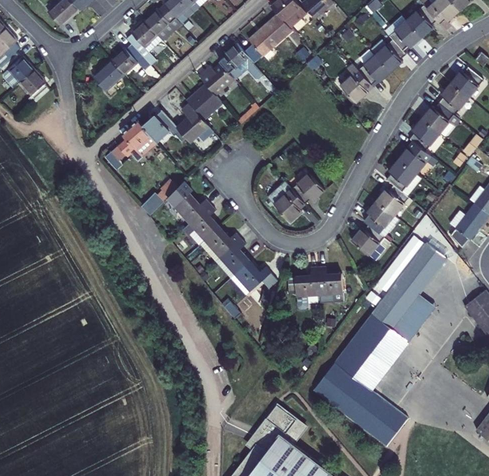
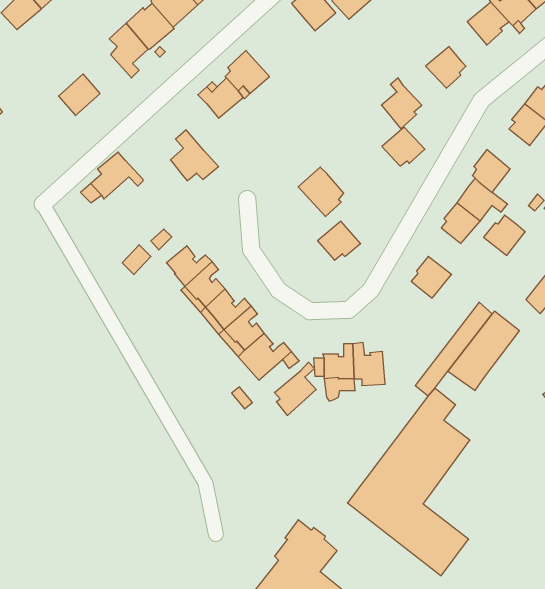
building: [248,14,292,56] -> none
building: [389,20,421,51] -> none
building: [111,45,148,75] -> none
building: [357,54,390,84] -> [382,127,425,166]
building: [187,83,222,119] -> none
building: [421,102,454,133] -> none
building: [143,110,186,142] -> none
building: [269,183,304,221] -> [298,167,344,217]
building: [376,183,408,214] -> [484,215,525,255]
building: [351,224,390,259] -> none
building: none -> [274,362,316,415]
building: [381,288,436,341] -> none

